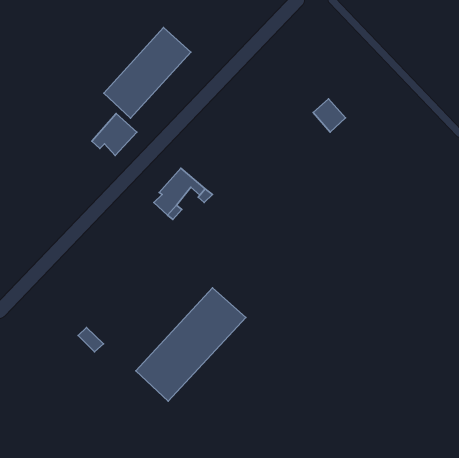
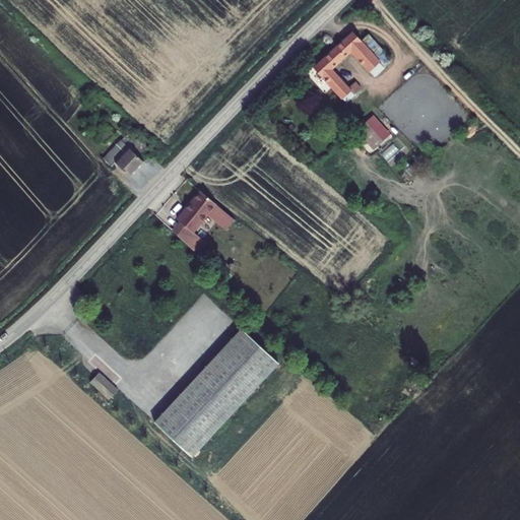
building: [104,28,191,118] -> none
building: none -> [313,35,394,106]

